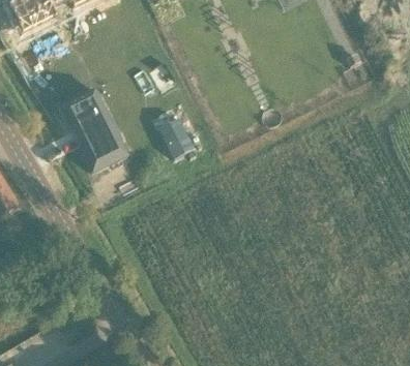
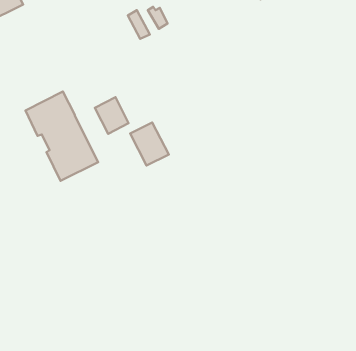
building: none -> [95,97,129,134]

